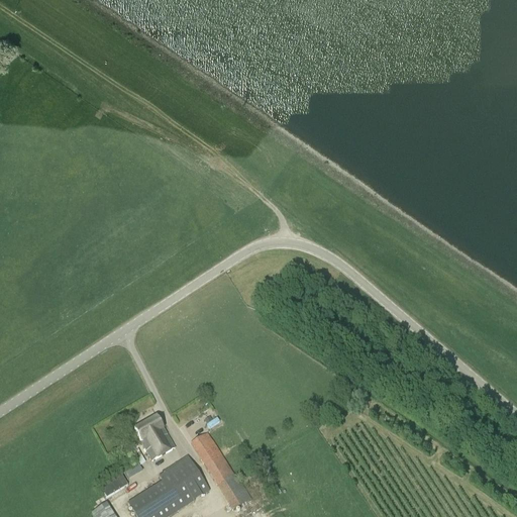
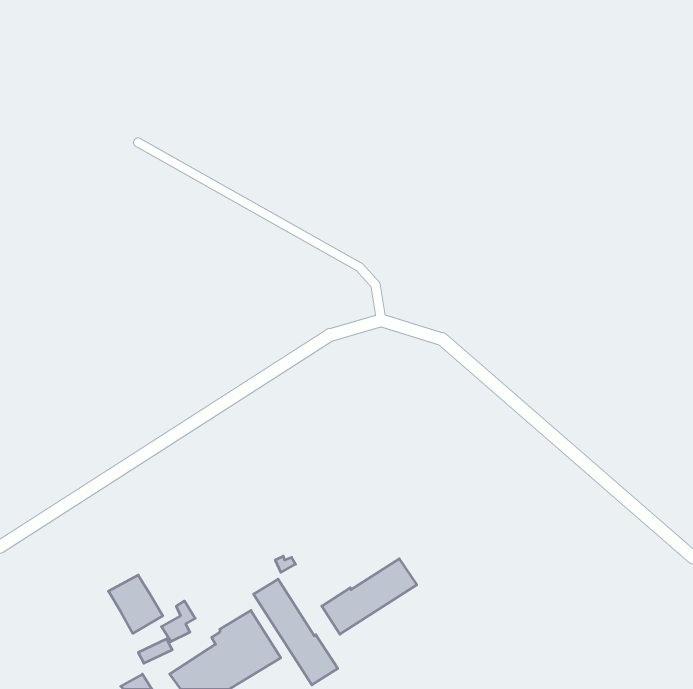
building: [133,416,174,459] -> [108,575,163,633]
building: none -> [322,559,417,634]

